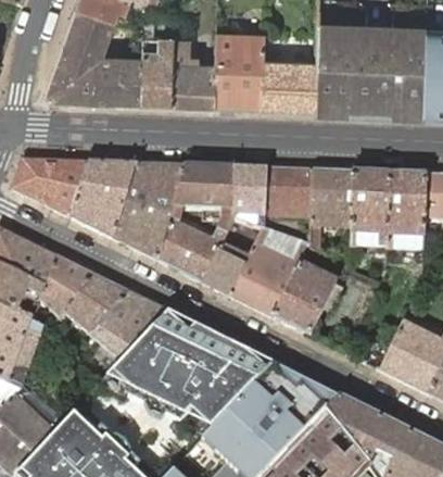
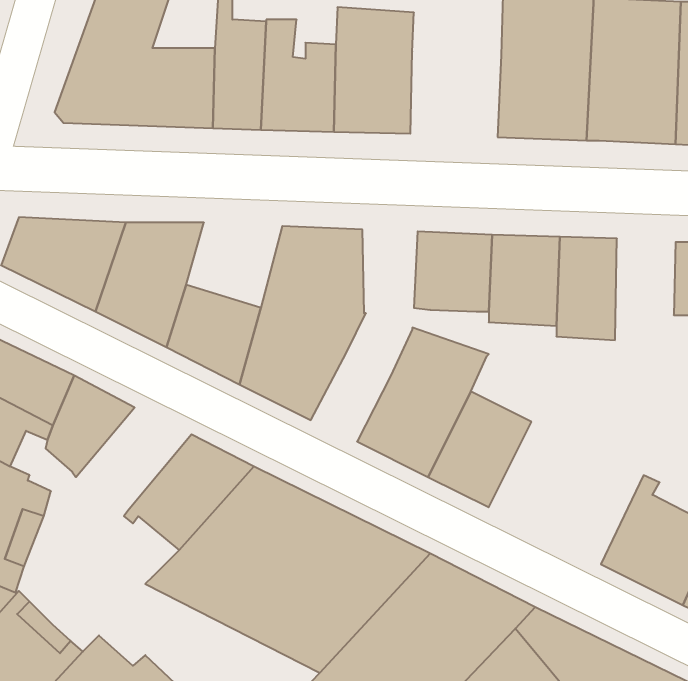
building: [263,58,318,110] -> none
building: [126,162,185,214] -> none
building: [233,166,267,227] -> none
building: [388,172,425,248] -> none
building: [202,241,251,296] -> none
building: [59,275,129,337] -> none

